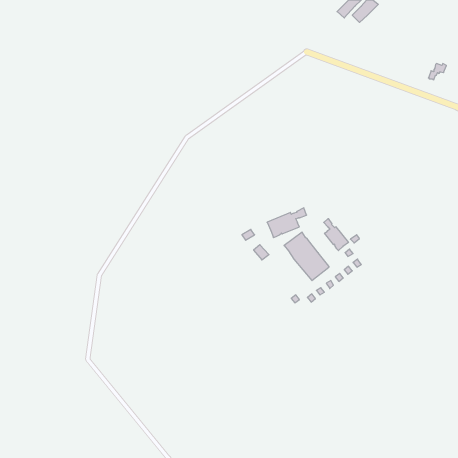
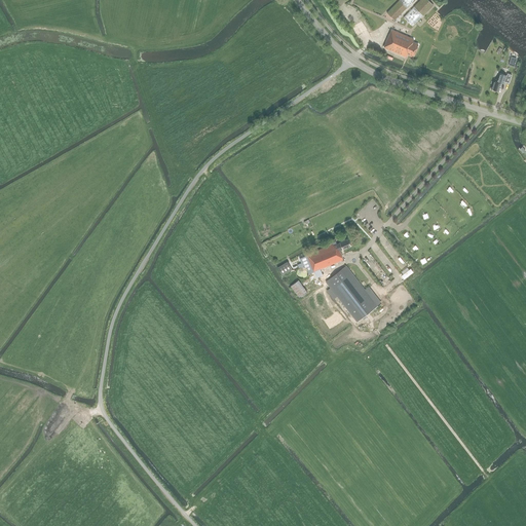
building: none -> [383,30,418,58]
building: [324,219,348,251] -> none

